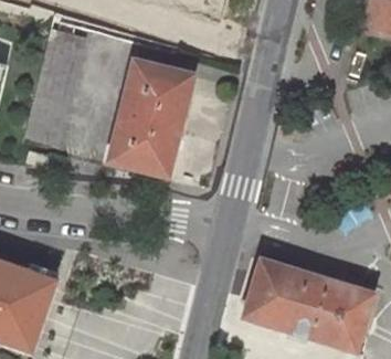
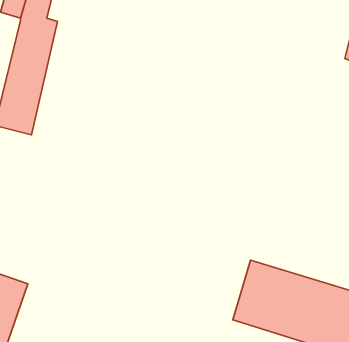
building: [108,61,188,176] -> none

